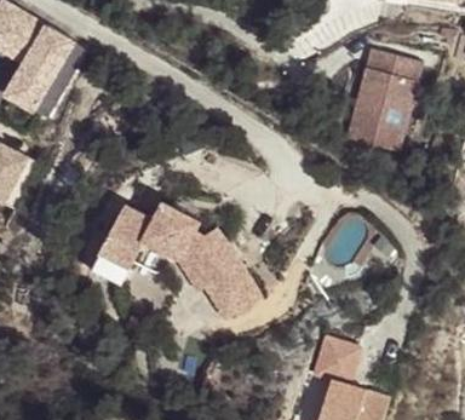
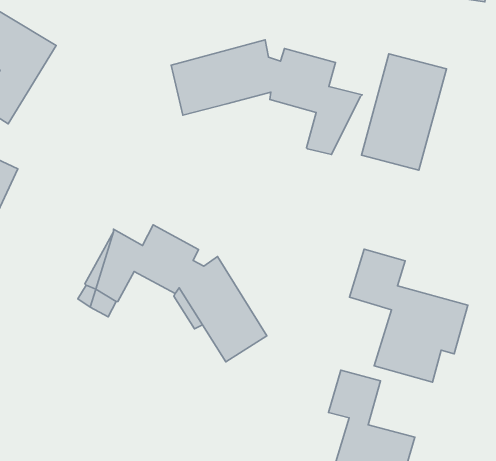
building: none -> [171,40,362,154]
building: none -> [350,249,468,382]

